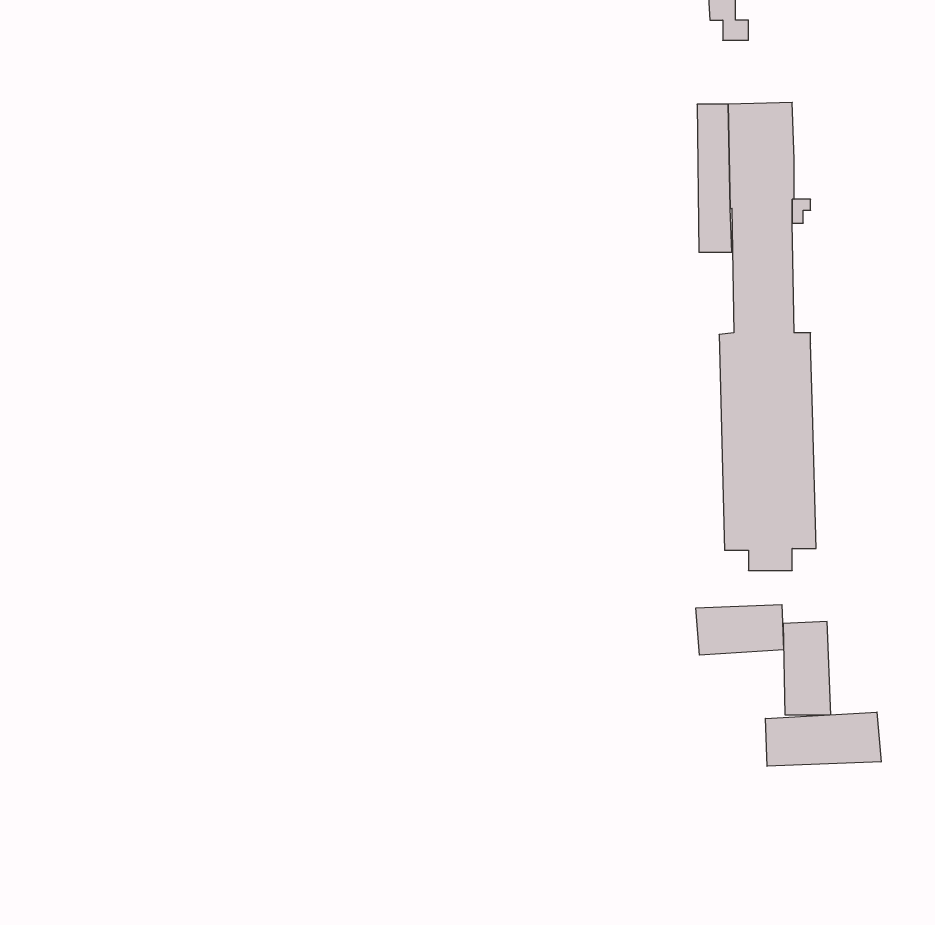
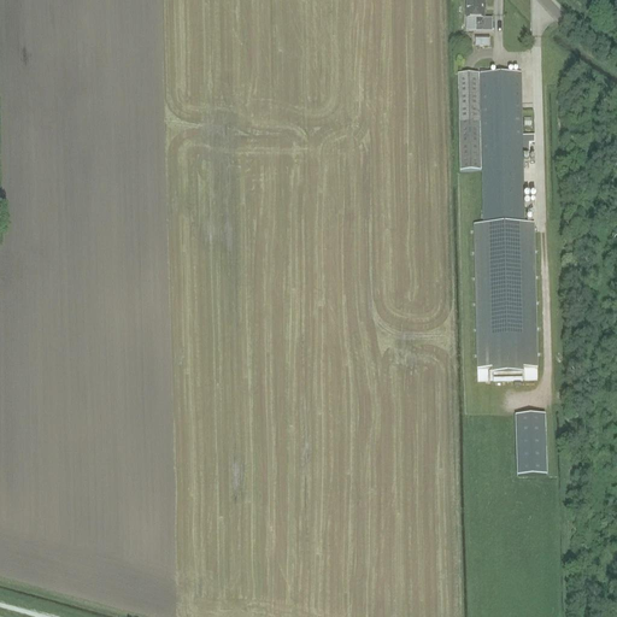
building: [696,605,784,655] -> none
building: [765,712,881,766] -> none

